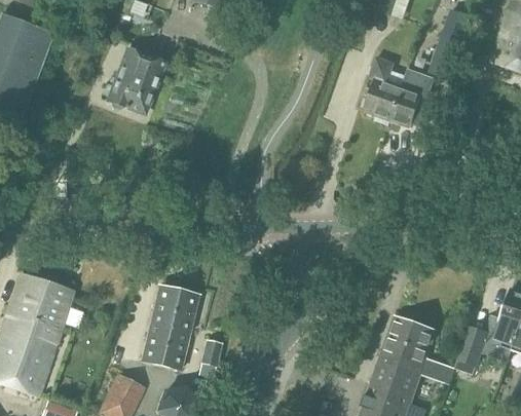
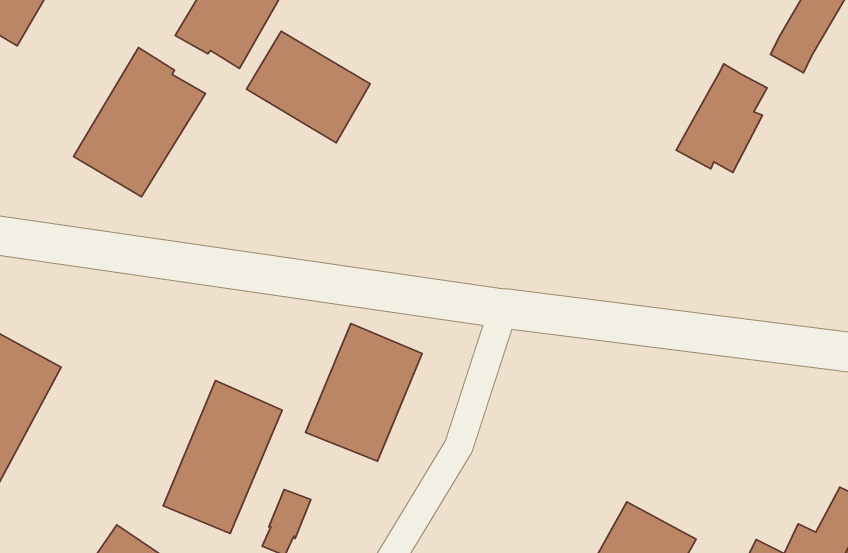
building: [364,56,407,119] -> none
building: none -> [246,31,370,143]
building: none -> [74,47,206,197]
building: none -> [306,324,422,461]

